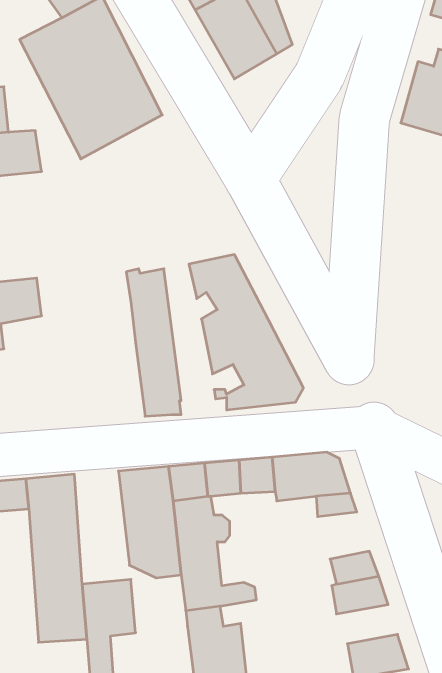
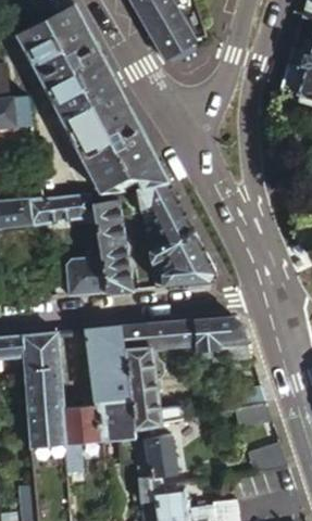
building: none -> [60,84,166,193]
building: none -> [29,192,95,223]
building: none -> [65,250,104,295]
building: none -> [93,395,134,442]

